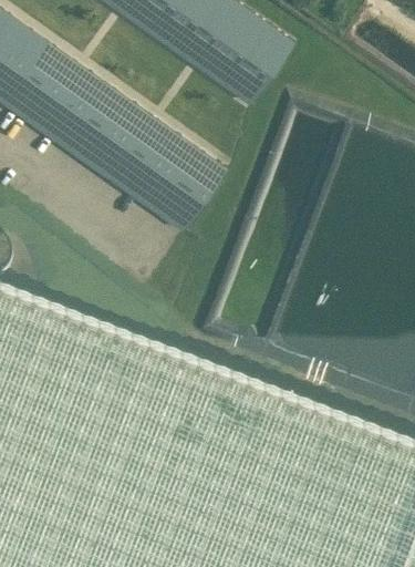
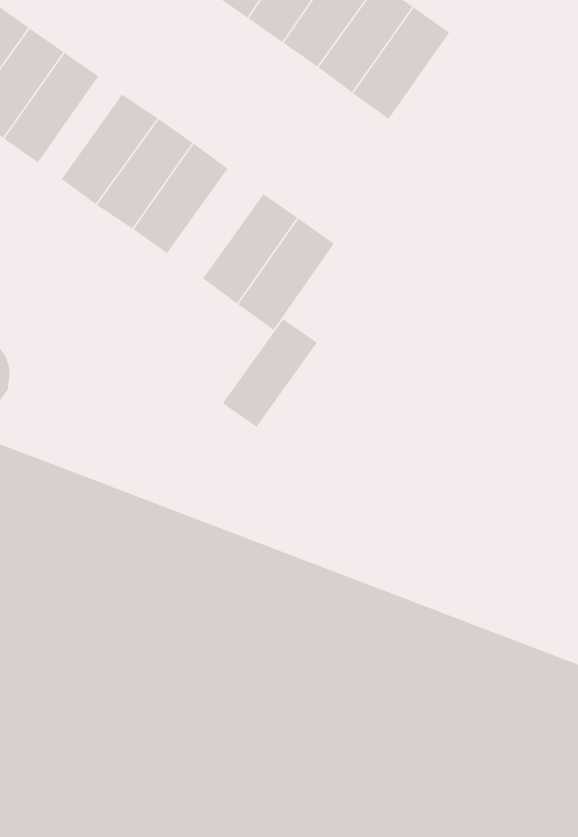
building: [33,66,86,132] -> none
building: [115,125,176,195] -> [222,318,318,428]

